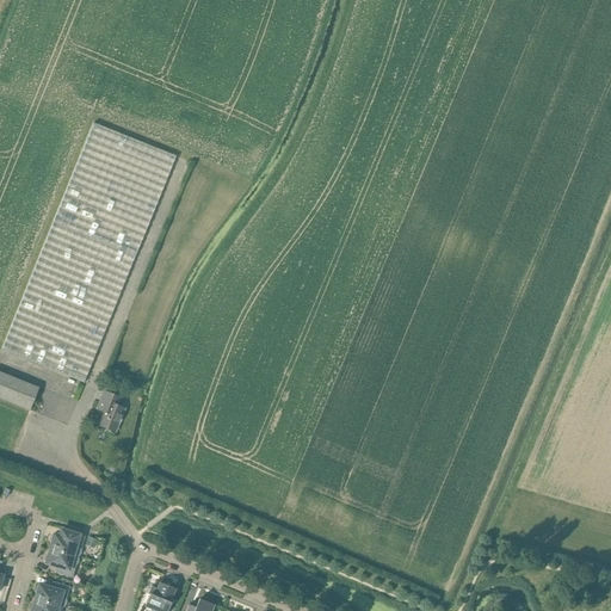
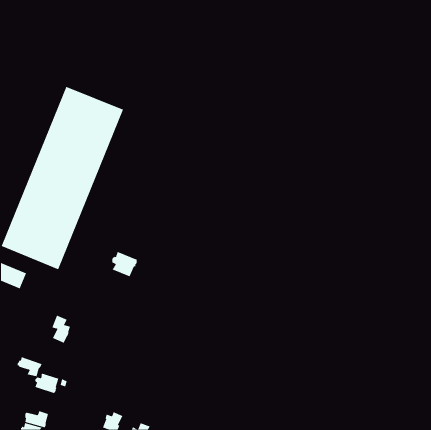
building: none -> [112,251,138,277]
building: [95,390,123,431] -> [51,315,71,343]
building: [43,548,79,576] -> [17,357,42,377]

